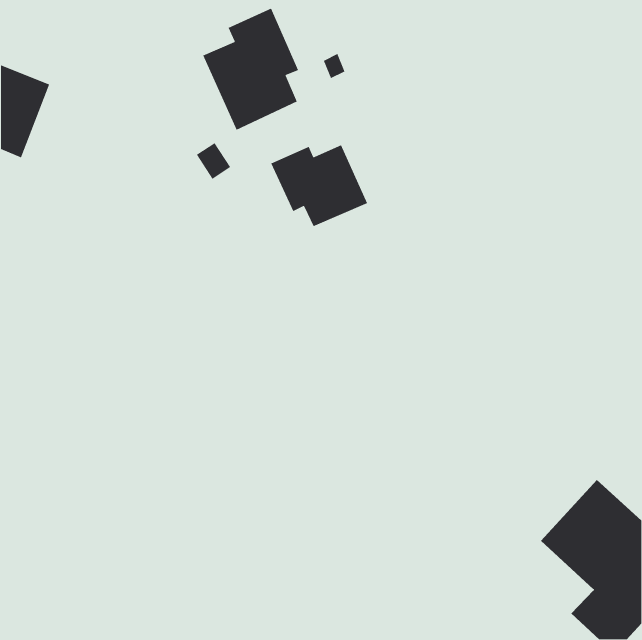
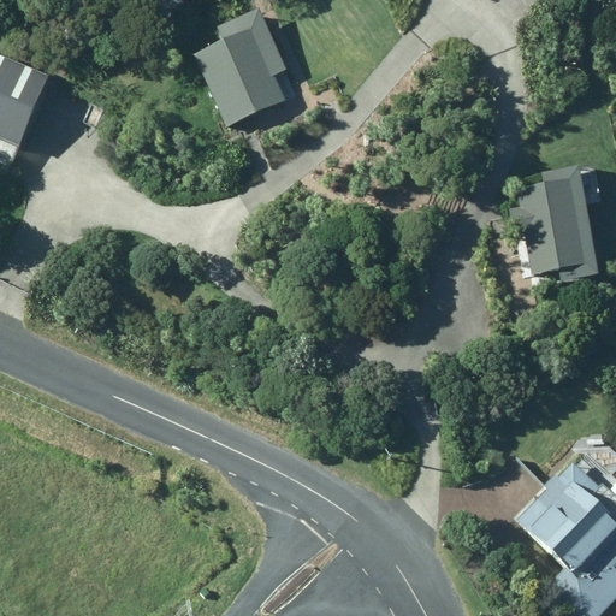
building: [270,144,368,227] -> none
building: none -> [510,162,599,279]

